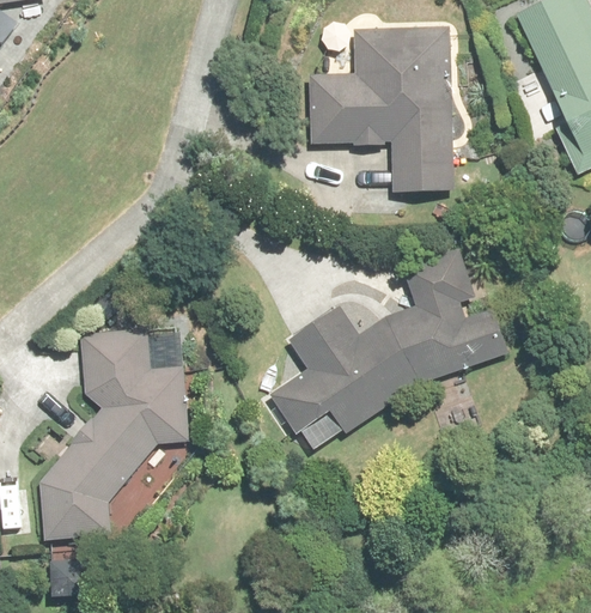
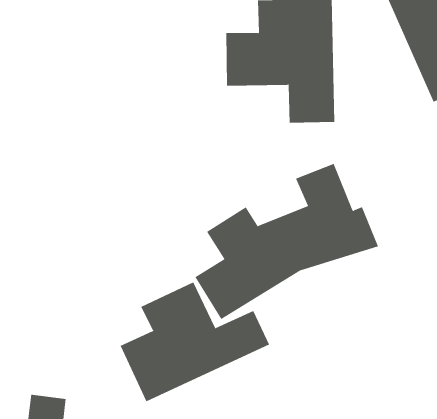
building: [38,330,196,538] -> none
building: none -> [120,282,270,402]

